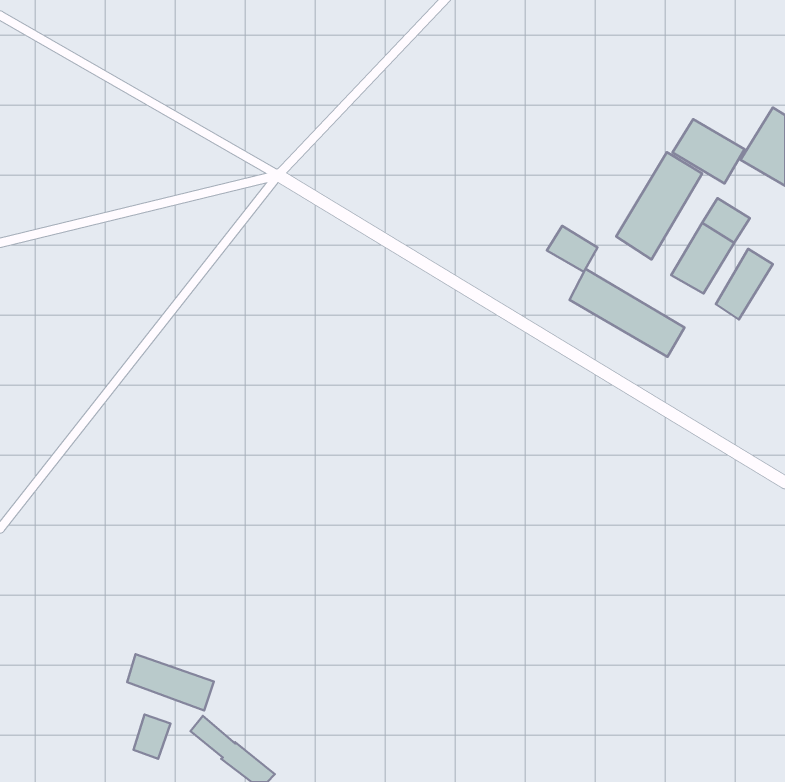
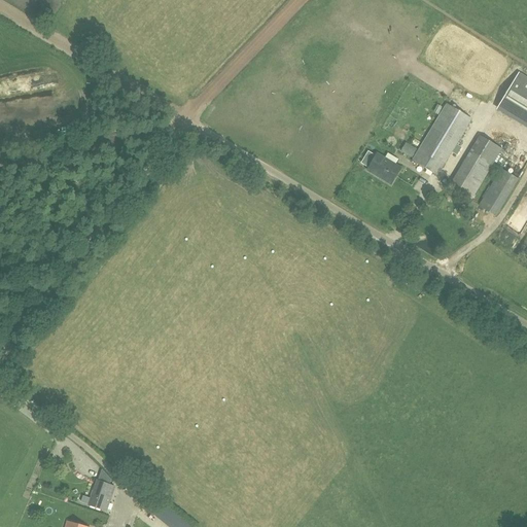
building: [673,119,744,184] -> none
building: [570,269,684,357] -> none
building: [127,654,214,710] -> none

